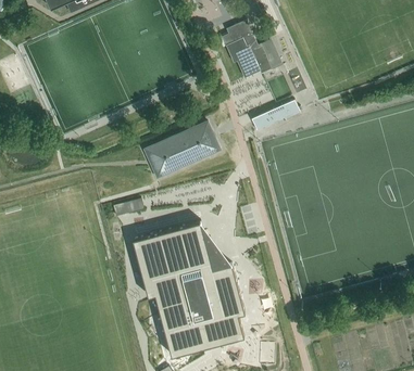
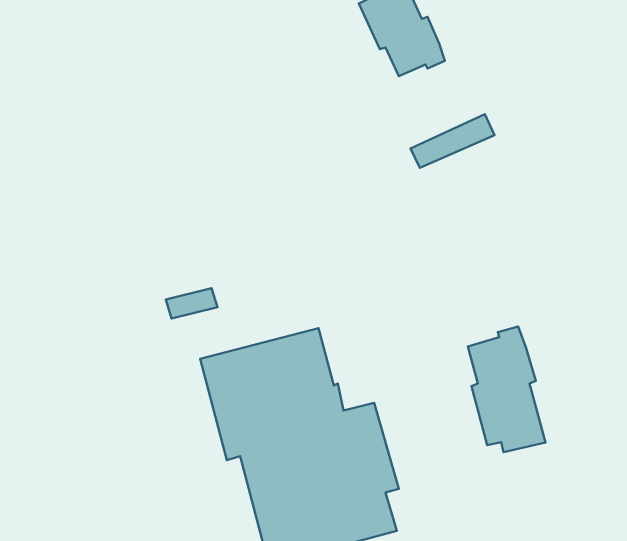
building: [143,121,219,178] -> none
building: none -> [468,326,545,452]

